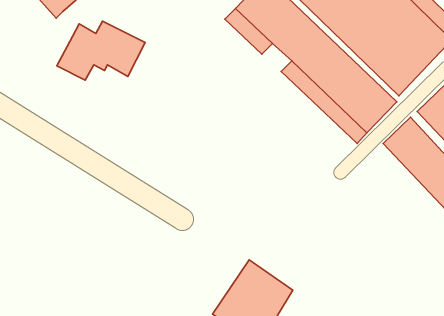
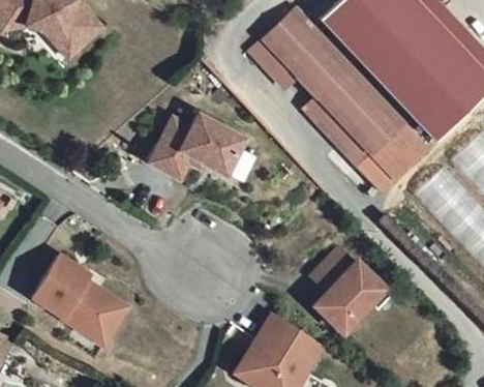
building: [57,21,145,80] -> [151,115,245,178]
building: none -> [313,249,388,332]
building: none -> [35,256,130,346]

